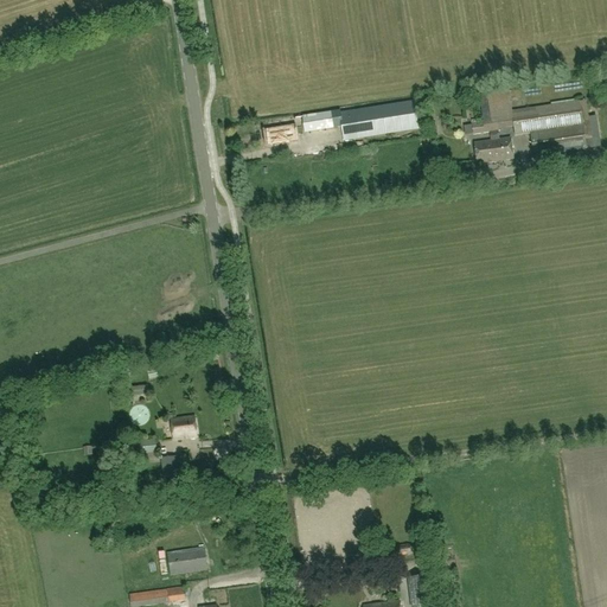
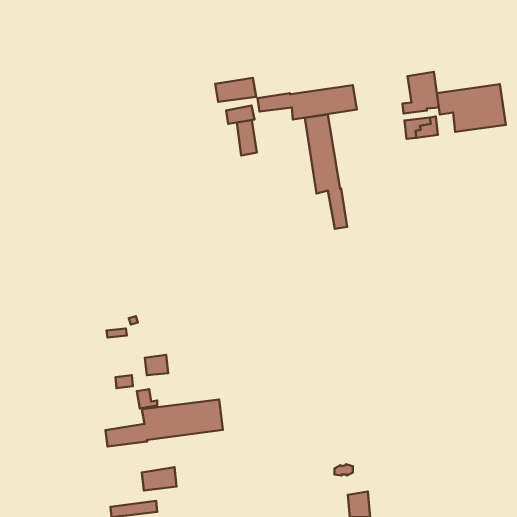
building: none -> [215,78,256,102]
building: none -> [305,114,347,229]
building: none -> [237,120,257,155]
building: none -> [106,400,223,446]

